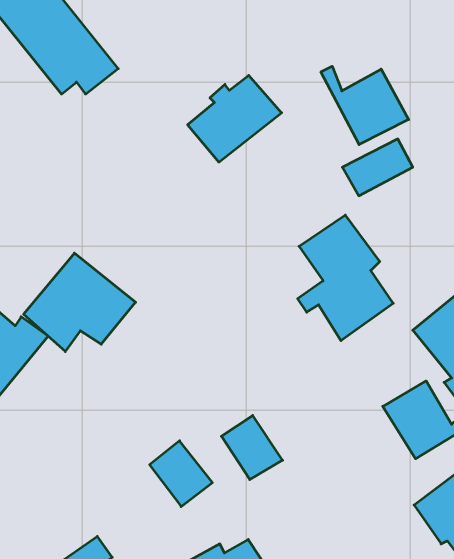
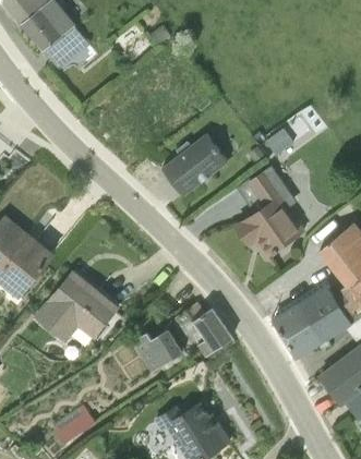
building: [321,66,409,145] -> none
building: [188,75,282,162] -> [161,132,230,195]
building: [24,253,136,352] -> [36,271,118,343]
building: none -> [273,305,322,360]

